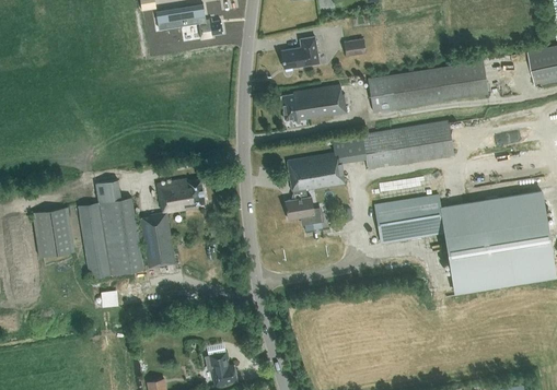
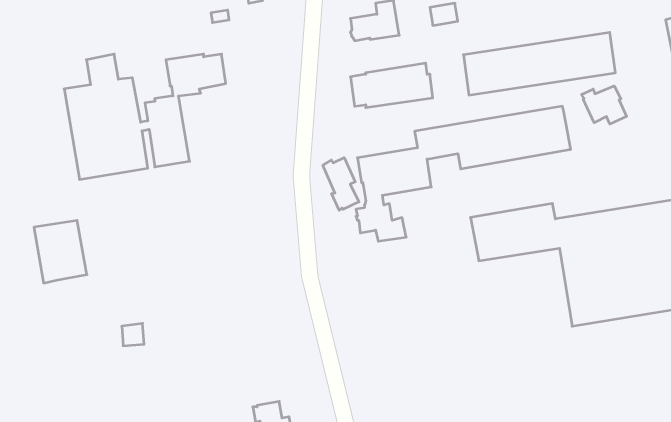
building: none -> [582,86,627,124]
building: none -> [323,158,359,210]
building: [78,180,205,279] -> [64,54,226,179]

